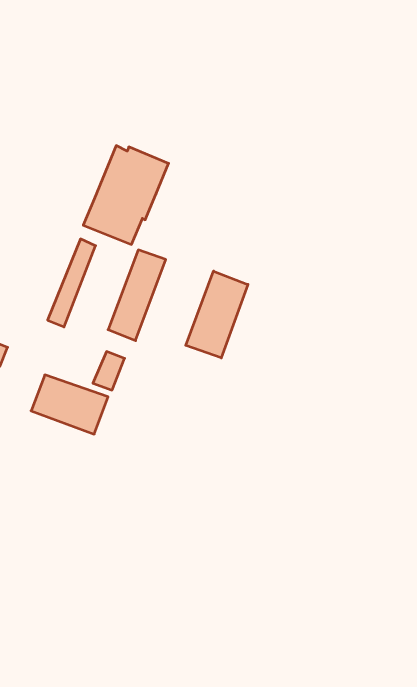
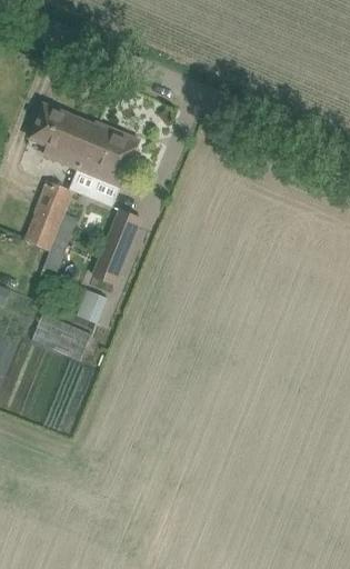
building: none -> [31,102,99,168]
building: none -> [18,179,73,266]
building: [186,271,248,358] -> none

